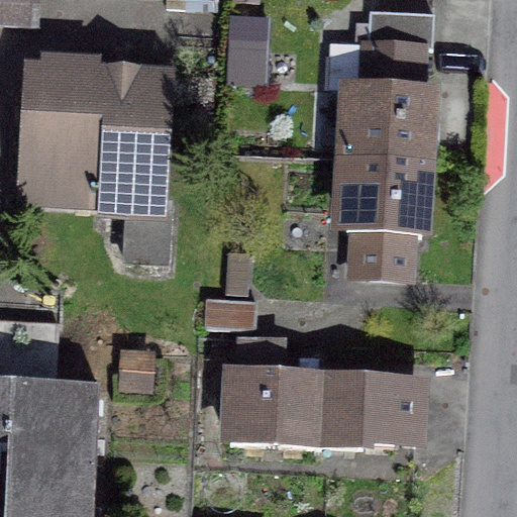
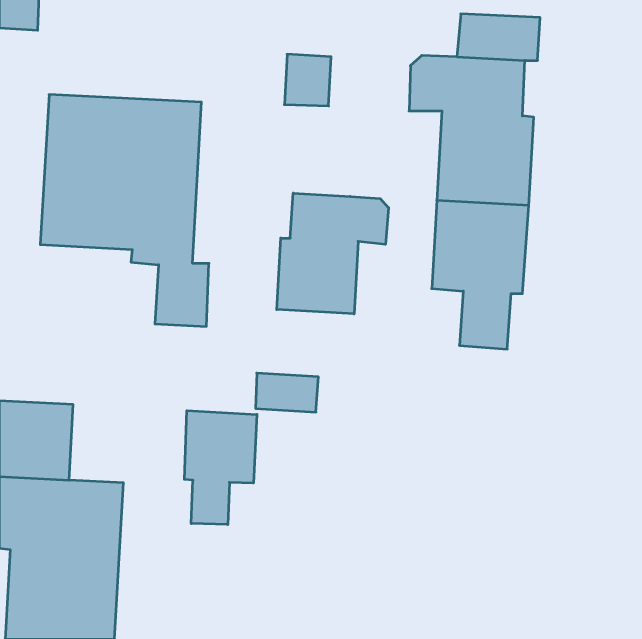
building: none -> [277,193,389,314]
building: none -> [184,411,257,525]
building: [229,337,416,447] -> none

